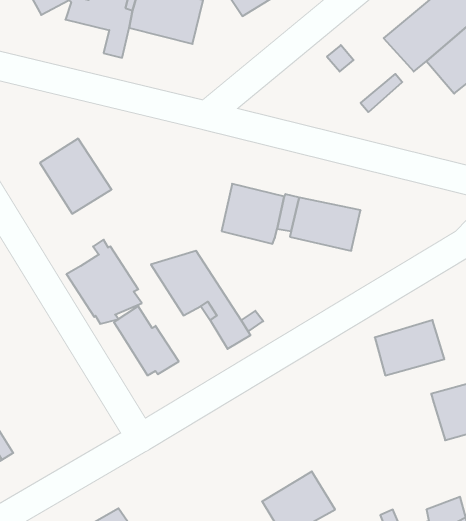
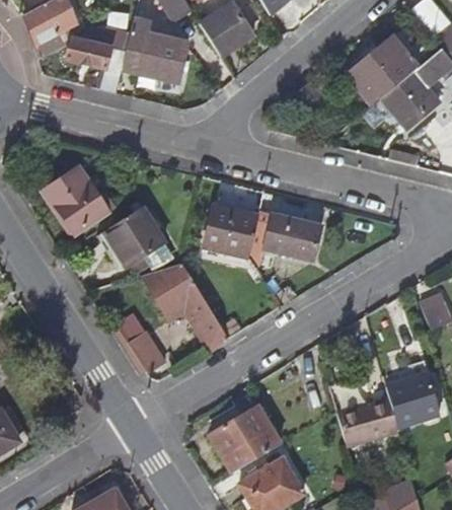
building: [66,240,142,324] -> [104,199,170,273]
building: [375,320,444,375] -> [338,395,399,444]
building: none -> [212,407,282,475]

